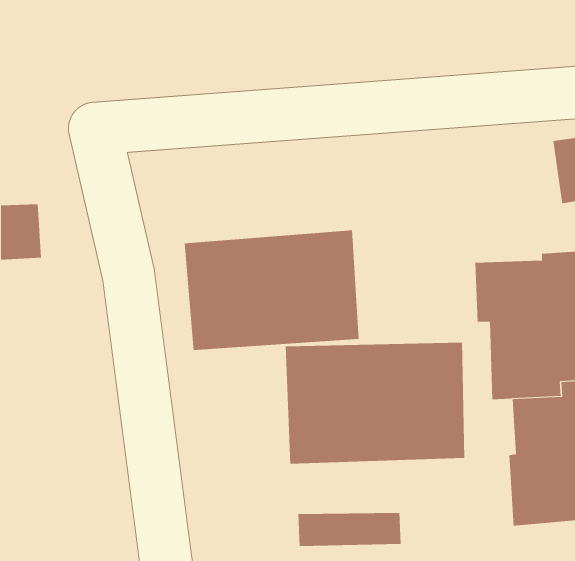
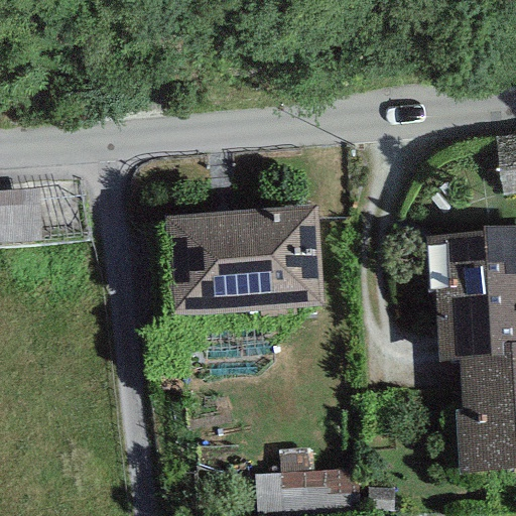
building: [285,342,465,465] -> none

